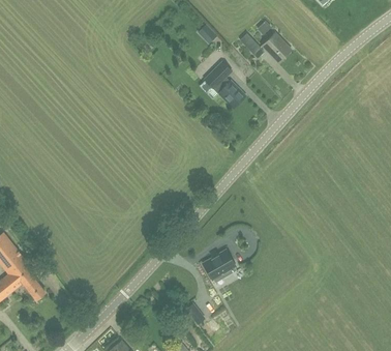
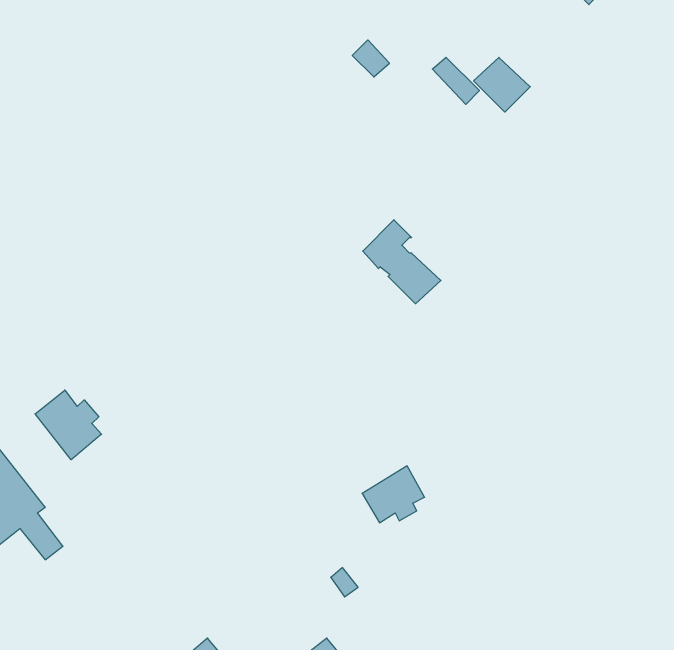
building: [204,63,245,108] -> [363,220,441,304]
building: none -> [35,390,102,460]

